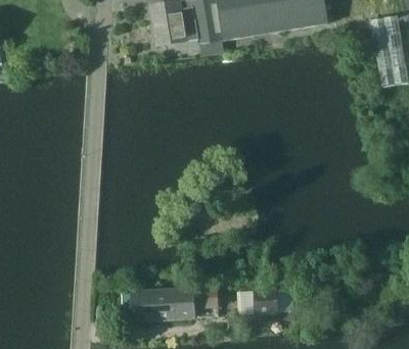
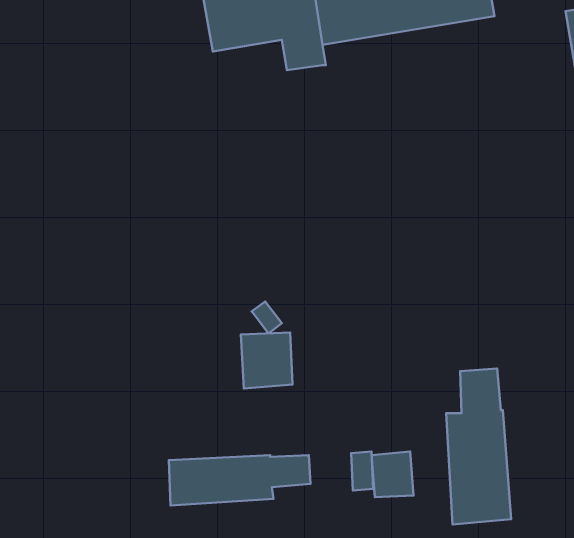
building: none -> [241,333,293,389]
building: none -> [446,368,511,524]

